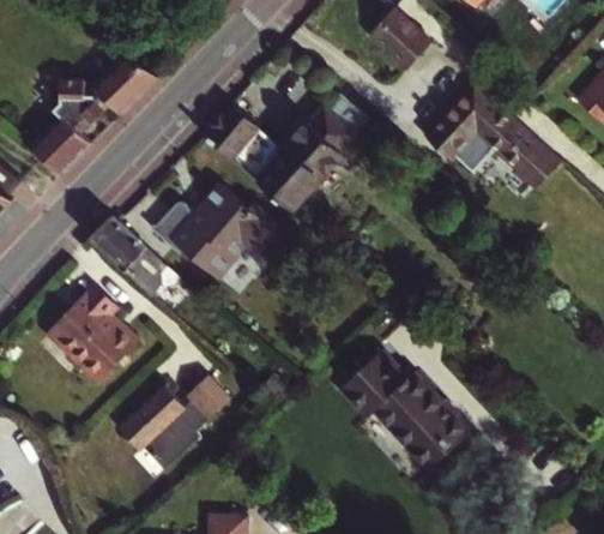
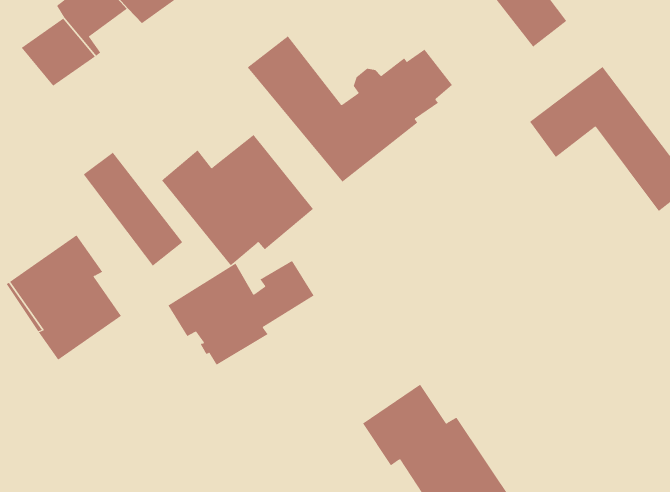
building: [121,379,232,470] -> [167,260,314,366]

